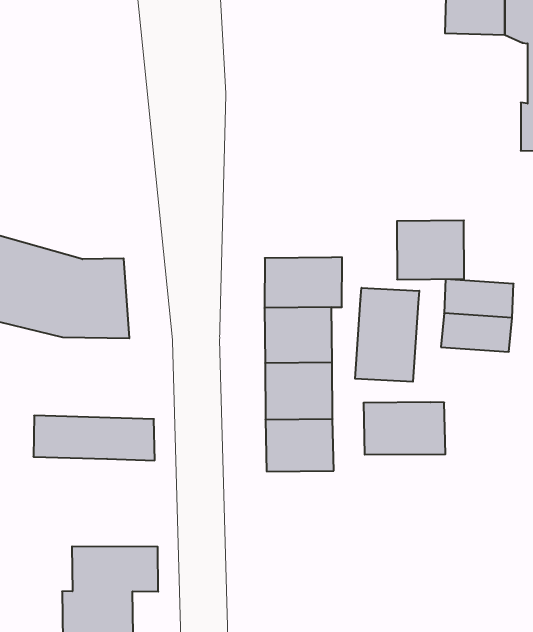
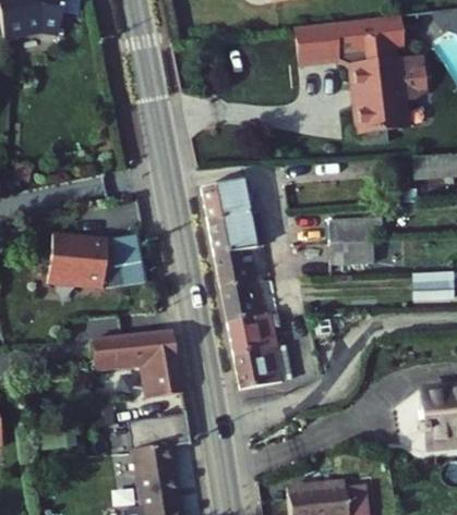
building: [397,220,464,279] -> [209,179,257,222]
building: [355,288,419,382] -> none
building: [363,402,445,455] -> [236,350,292,390]
building: none -> [133,360,168,397]

